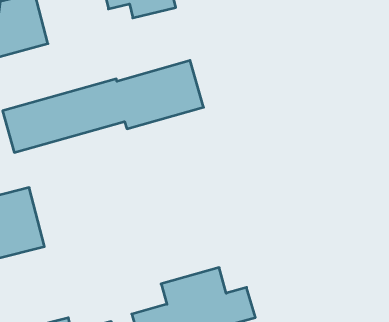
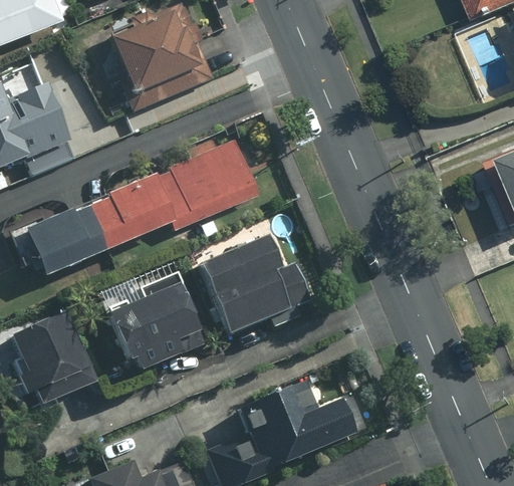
building: none -> [198,236,311,334]
building: none -> [110,286,198,373]

